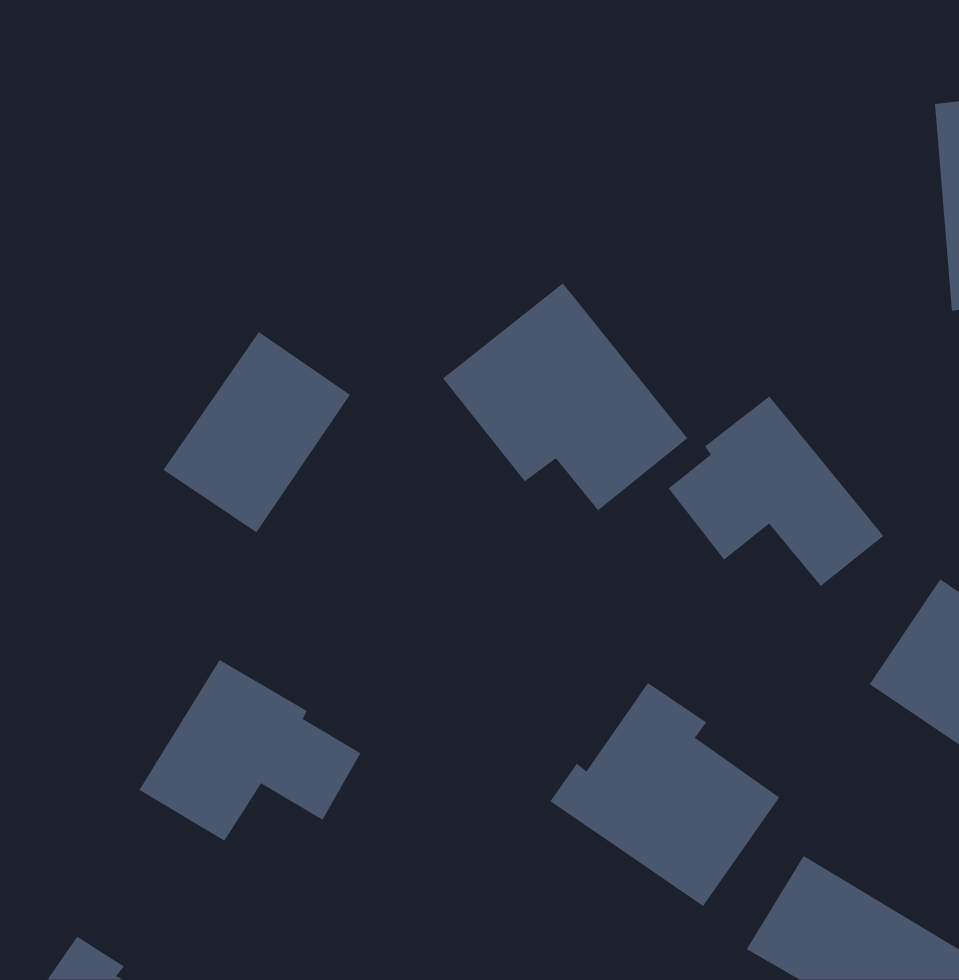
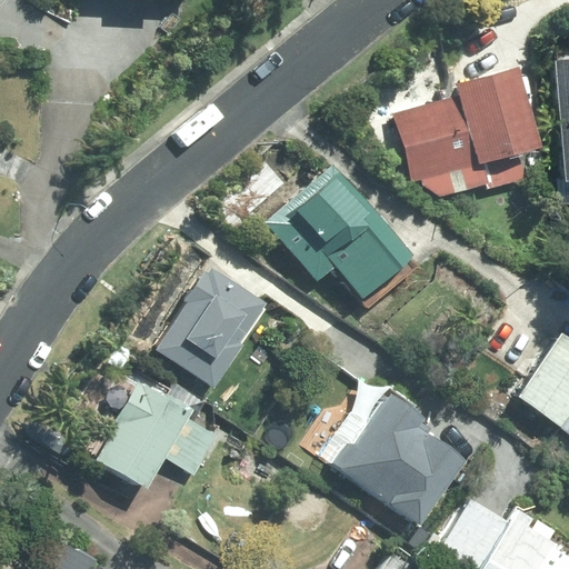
building: none -> [399,67,538,198]
building: [163,331,351,533] -> [157,270,266,387]
building: [668,395,884,587] -> none

